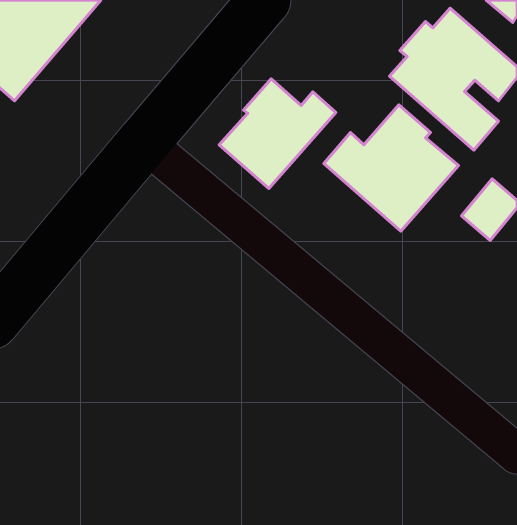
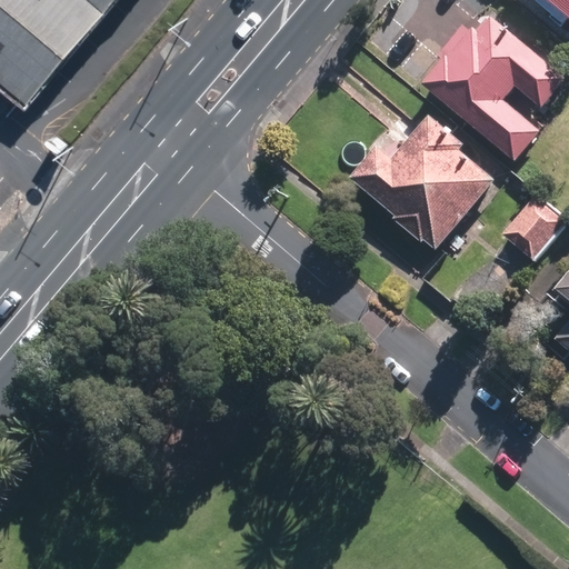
building: [219,79,336,189] -> none

